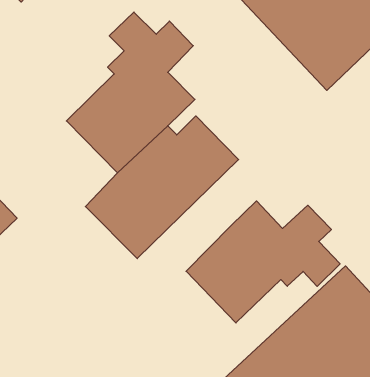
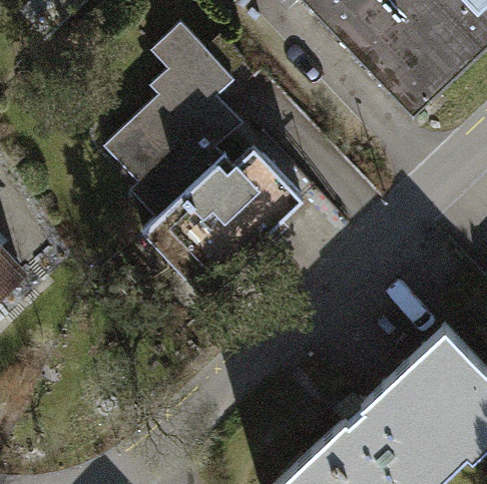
building: [186,201,340,323] -> none

